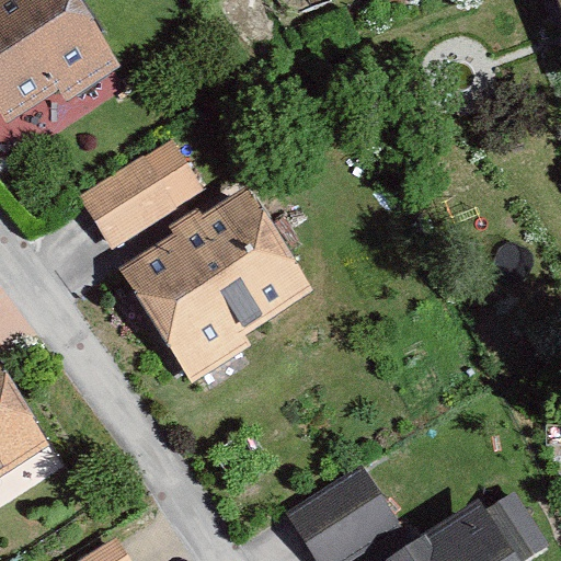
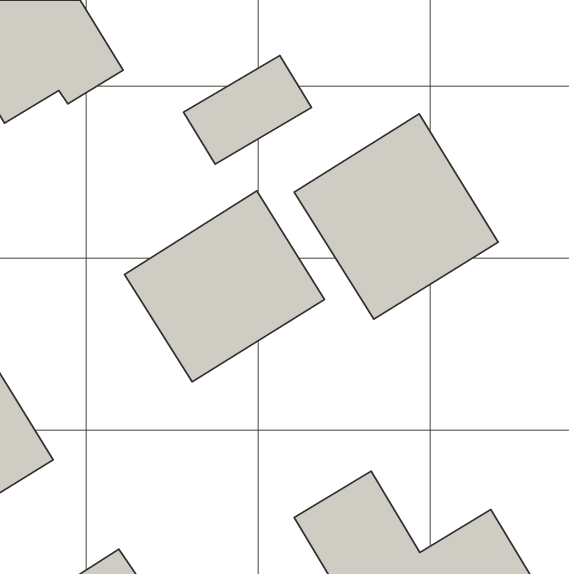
building: none -> [294,114,498,319]
building: [80,139,204,244] -> [184,56,311,164]

